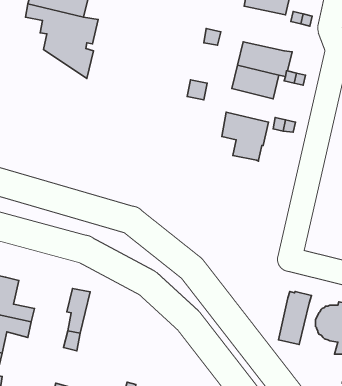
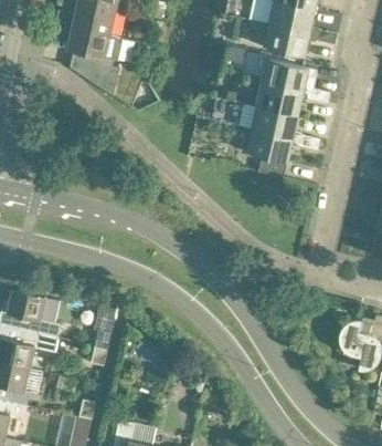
building: none -> [264,24,310,58]
building: none -> [252,106,298,139]
building: [279,291,312,344] -> none

